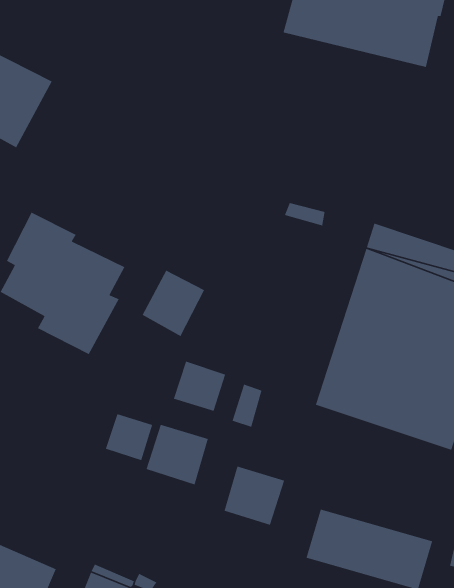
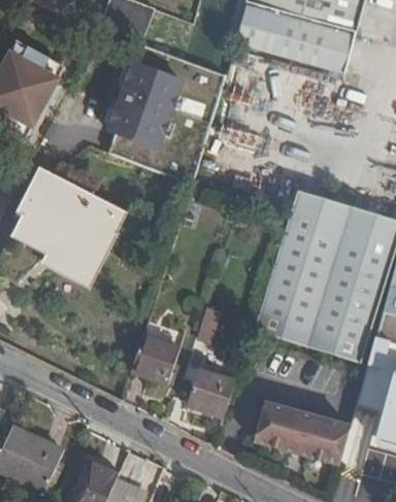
building: none -> [112,60,185,146]
building: [142,270,205,337] -> none
building: [173,361,226,412] -> none
building: [105,413,153,461] -> none

